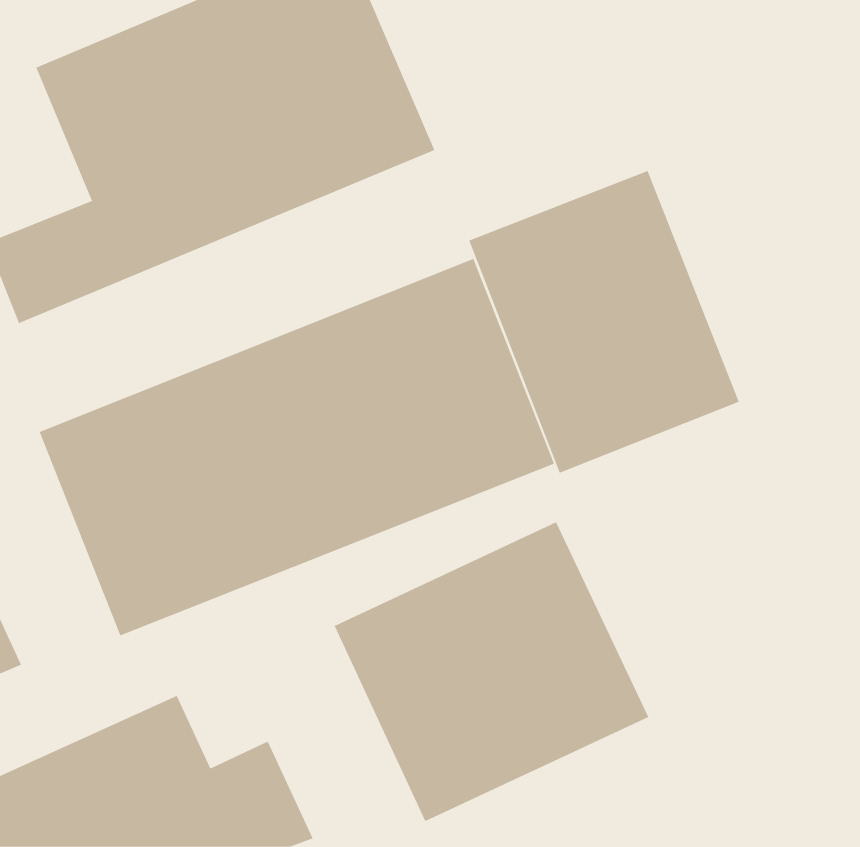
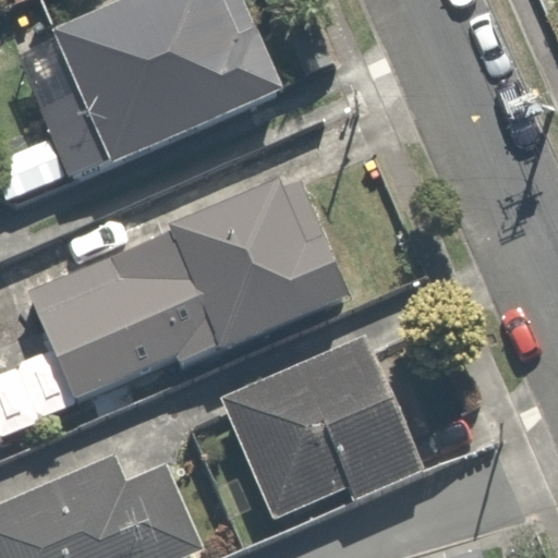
building: [469,170,740,473] -> none

